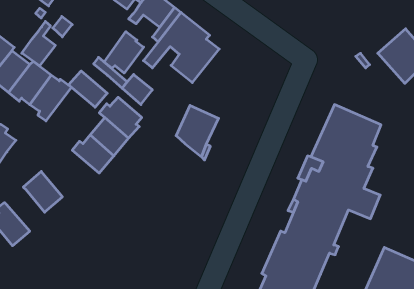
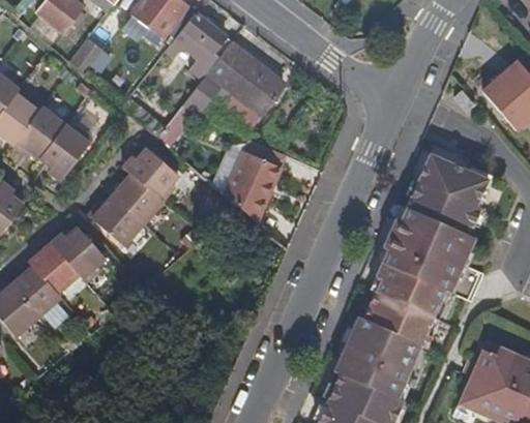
building: [22,21,55,66] -> none
building: [104,32,144,73] -> none
building: [68,71,107,107] -> none
building: none -> [55,226,107,280]
building: none -> [11,265,63,318]

